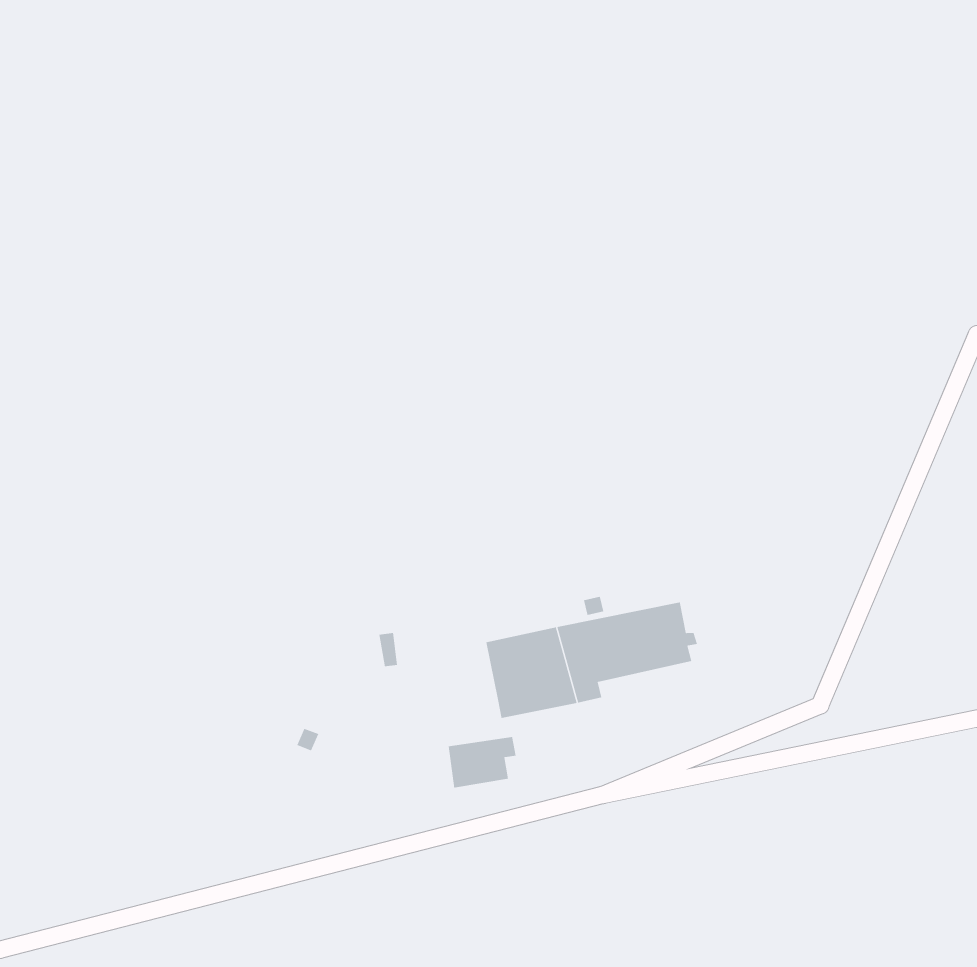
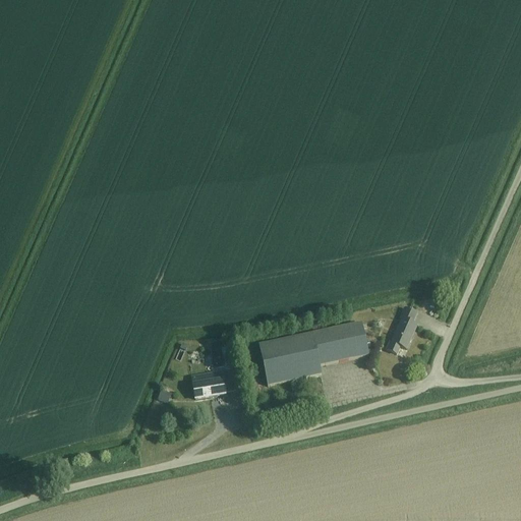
building: none -> [387,305,417,351]
building: [448,737,517,788] -> [192,368,229,396]

